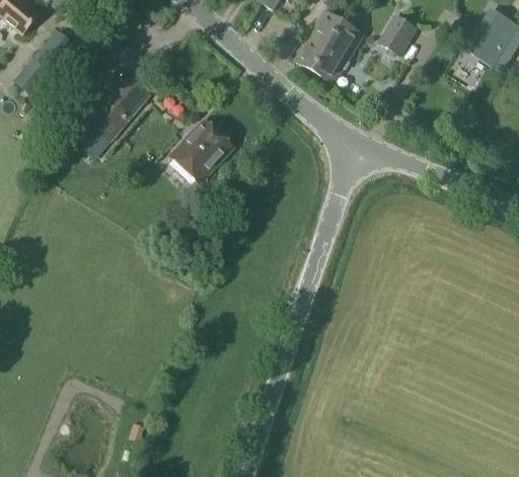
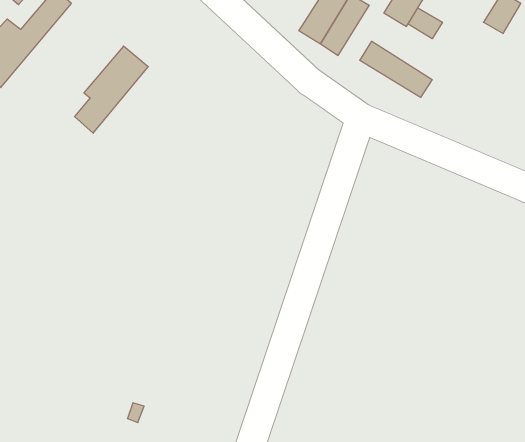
building: none -> [408,8,442,39]
building: none -> [360,41,432,97]
building: [171,122,231,181] -> none

